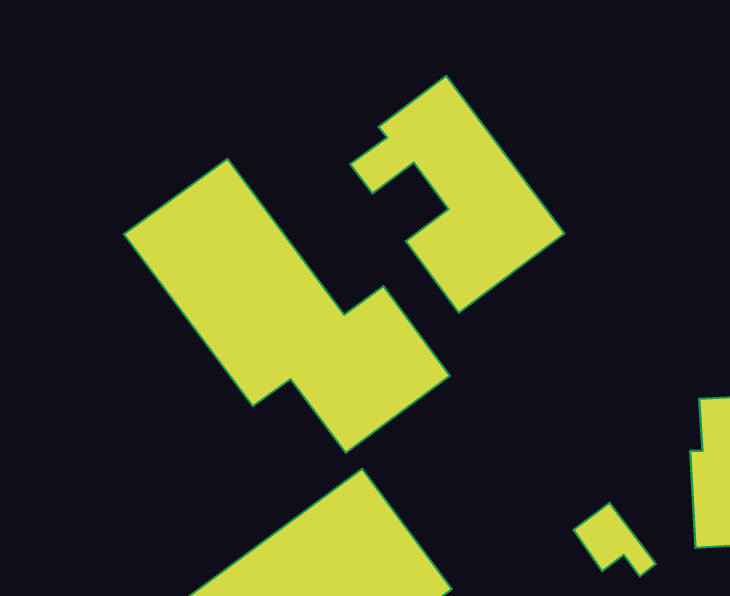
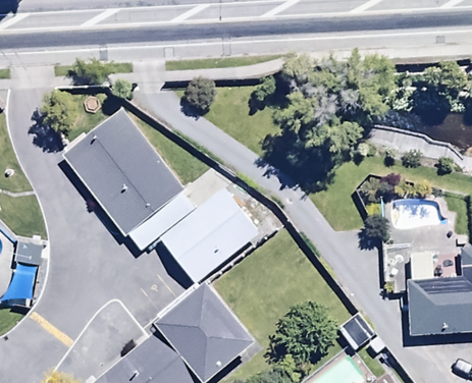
building: [350,76,564,313] -> none

